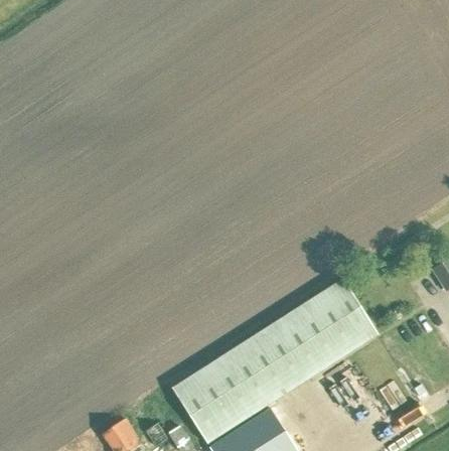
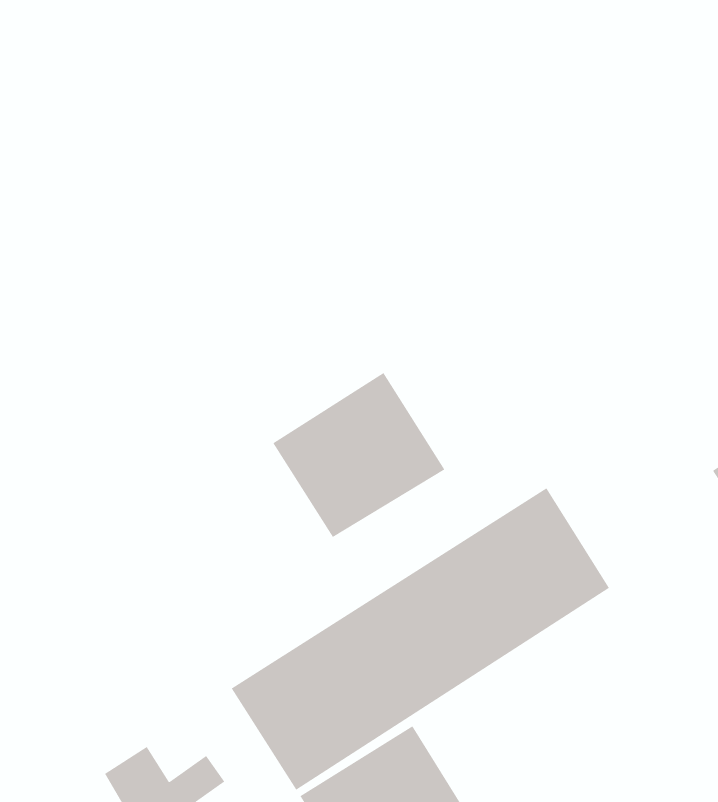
building: none -> [273,372,445,538]

